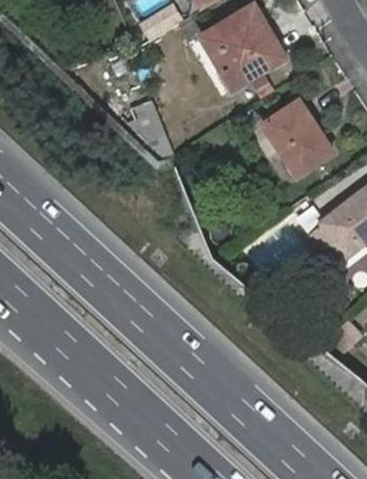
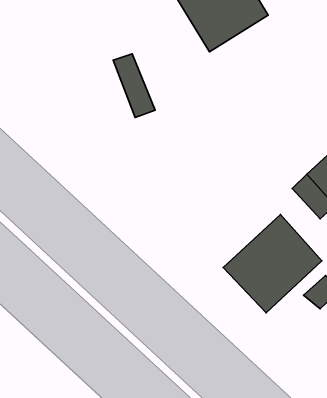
building: [262,101,334,177] -> none
building: none -> [223,215,322,313]

